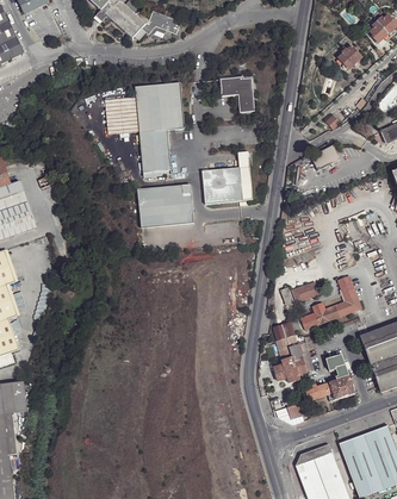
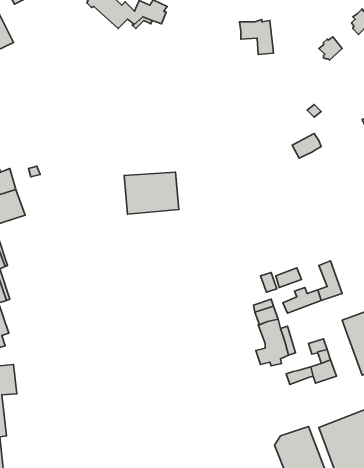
building: [219,75,254,111] -> [240,19,273,54]
building: [106,81,184,176] -> none
building: [200,150,252,204] -> none

